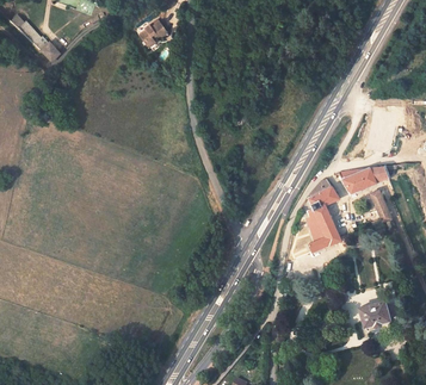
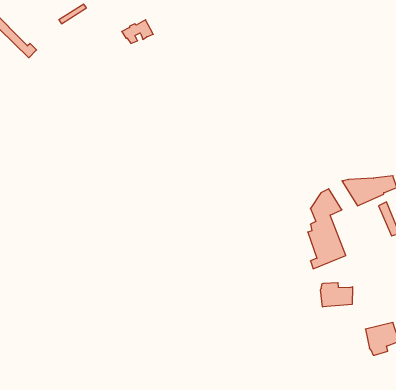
building: none -> [320,283,352,307]

